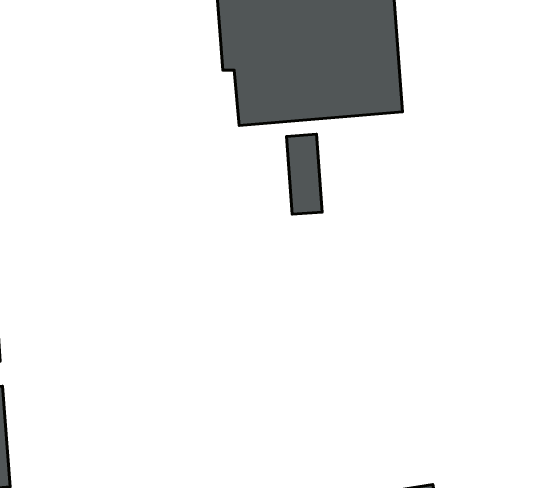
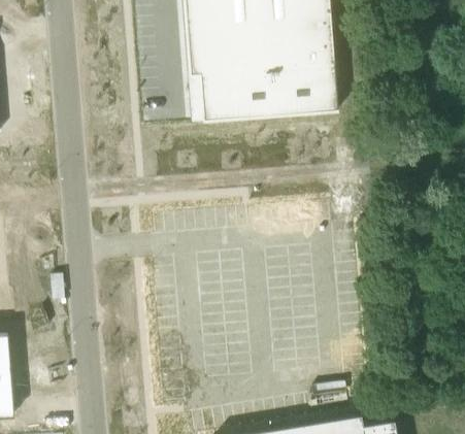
building: [287,134,322,214] -> none

